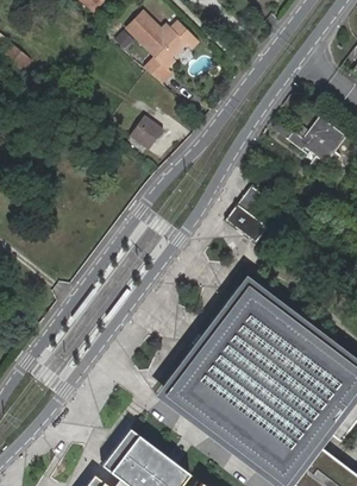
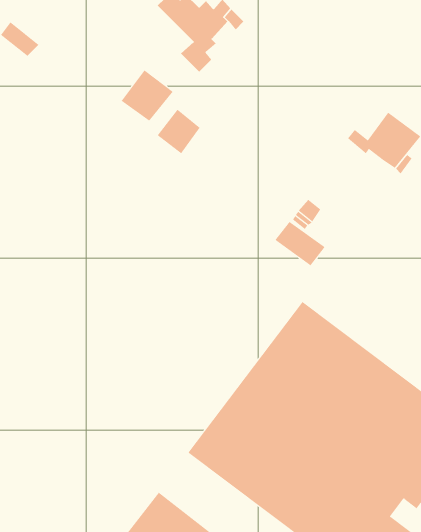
building: none -> [121,69,173,122]

